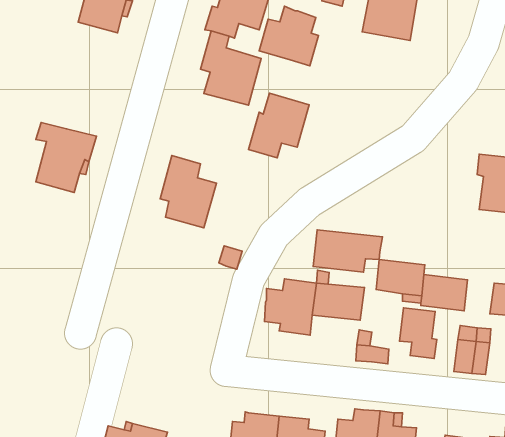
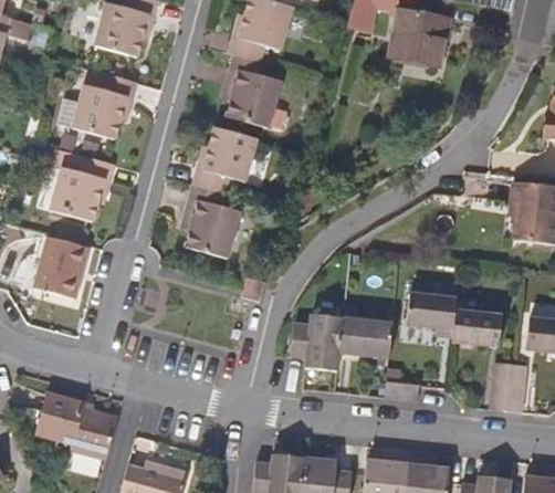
building: [259,6,318,66] -> none
building: none -> [74,71,136,140]
building: [248,93,309,158] -> [193,126,256,193]
building: none -> [35,238,93,303]
building: [313,230,382,272] -> none
building: [400,308,437,359] -> none
building: none -> [35,392,117,458]

